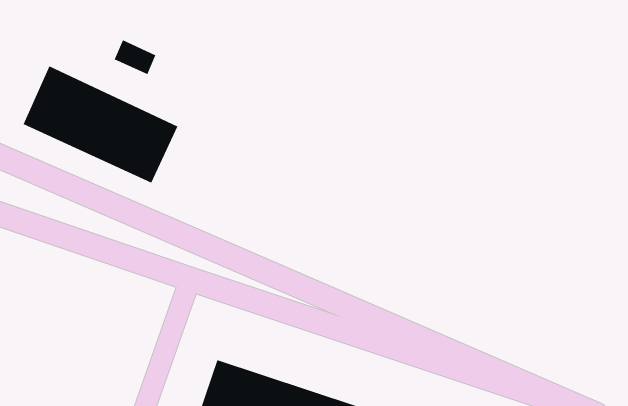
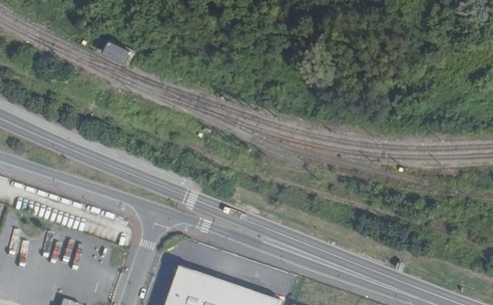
building: [23,66,178,183] -> none

